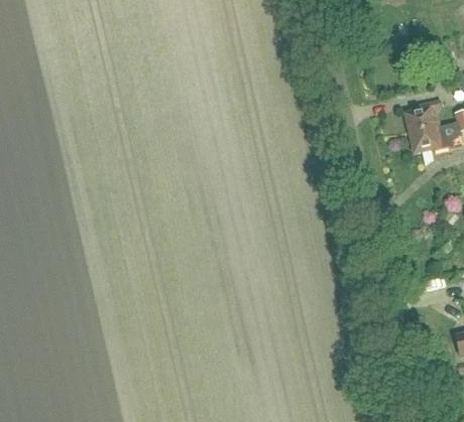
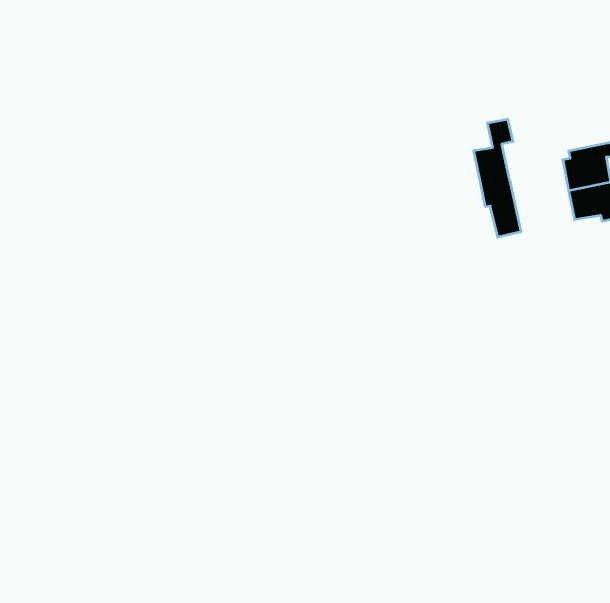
building: none -> [474,119,521,237]

